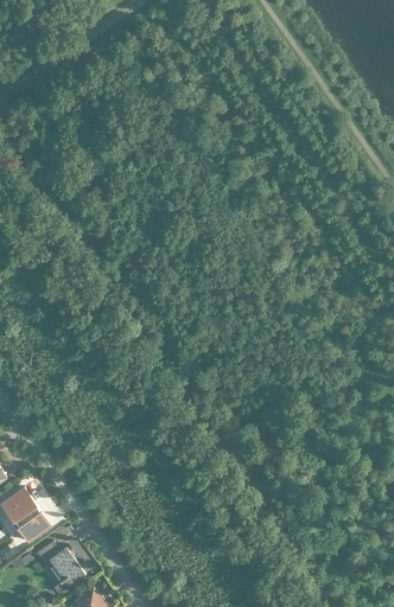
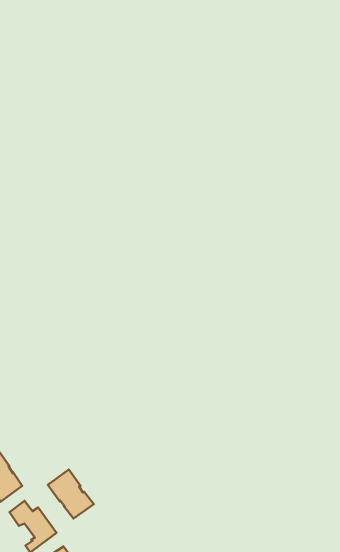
building: none -> [48,469,94,519]

